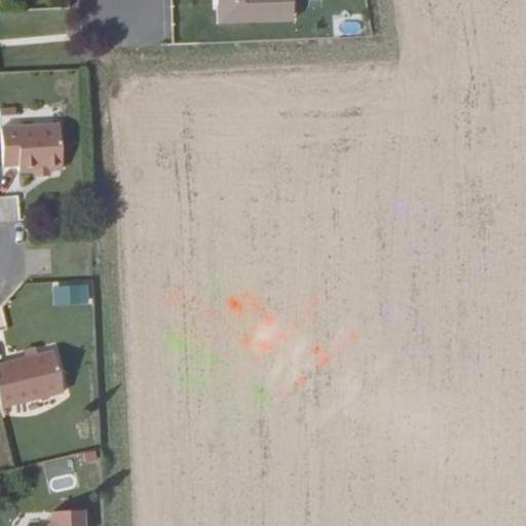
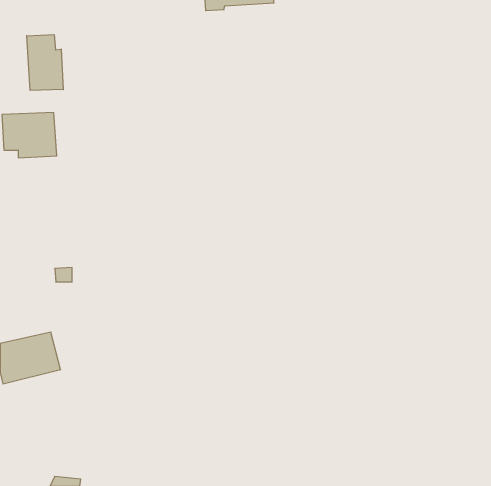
building: none -> [27,35,63,90]

